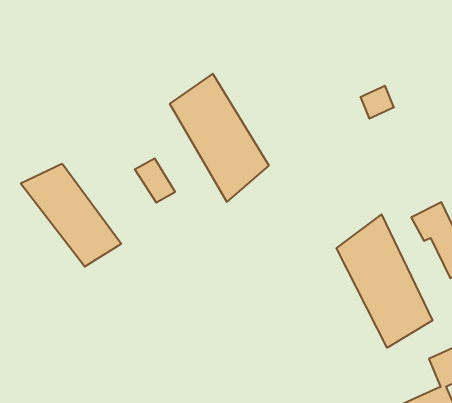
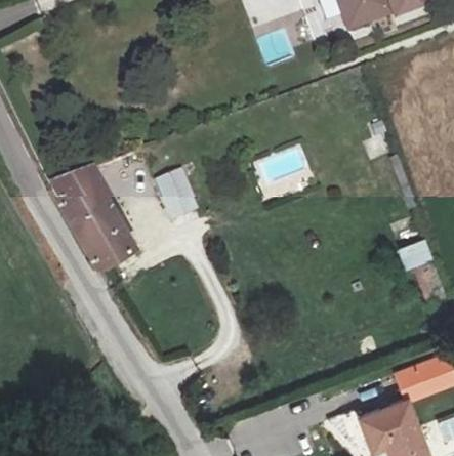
building: [170,74,269,202] -> none
building: [336,214,432,348] -> none

